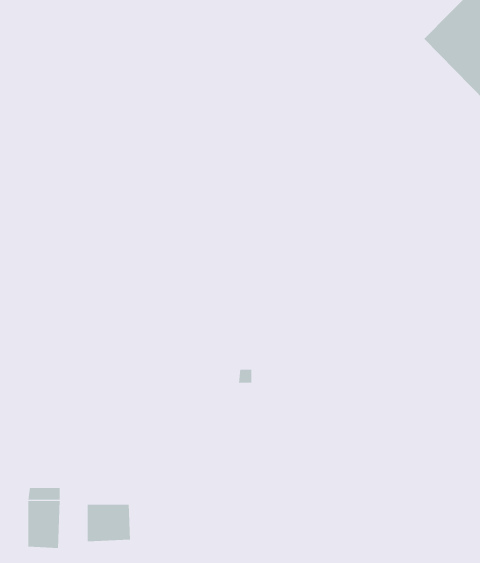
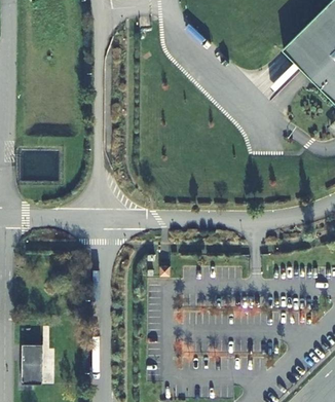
building: [87,504,130,542] -> none

